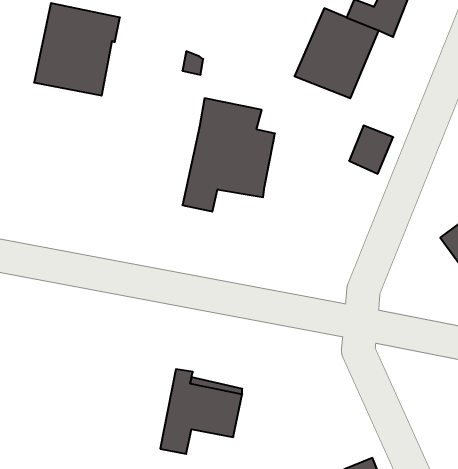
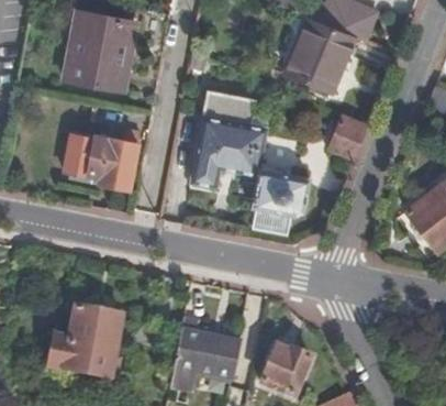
building: none -> [66,124,143,186]
building: none -> [252,166,310,234]
building: none -> [48,306,123,378]
building: none -> [261,349,311,397]

